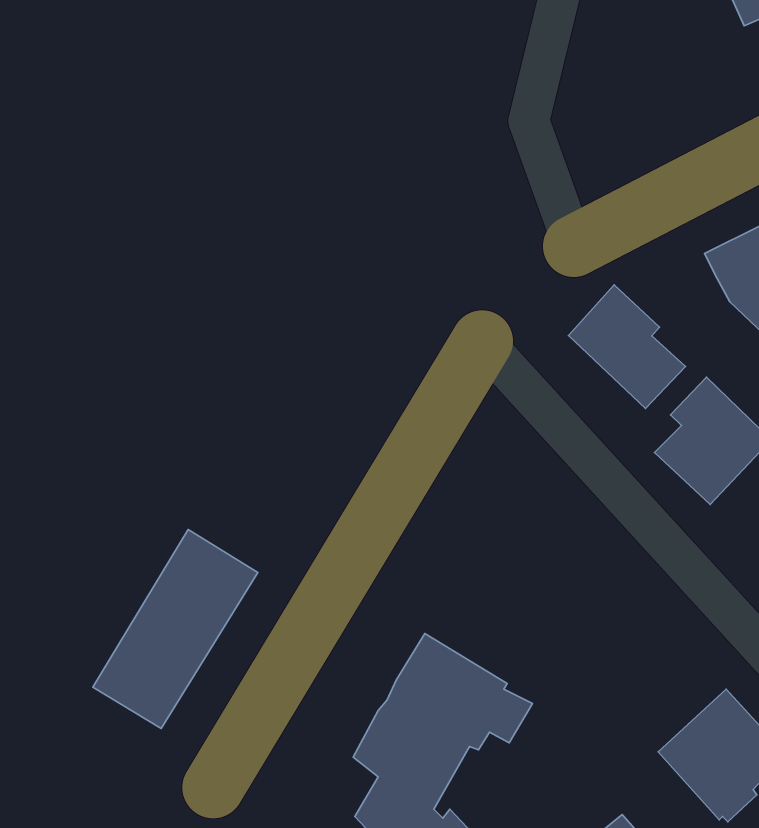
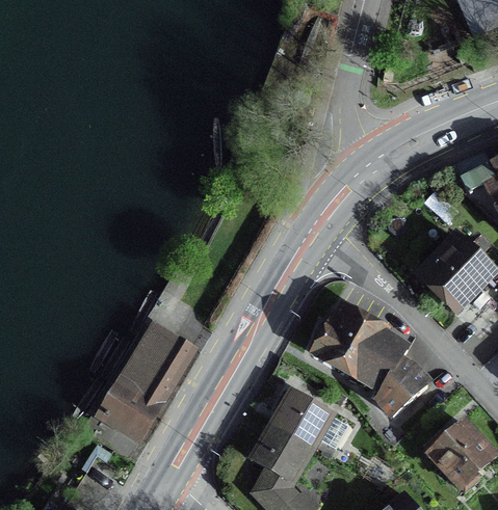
building: [568,285,686,408] -> none
building: none -> [309,300,434,420]

